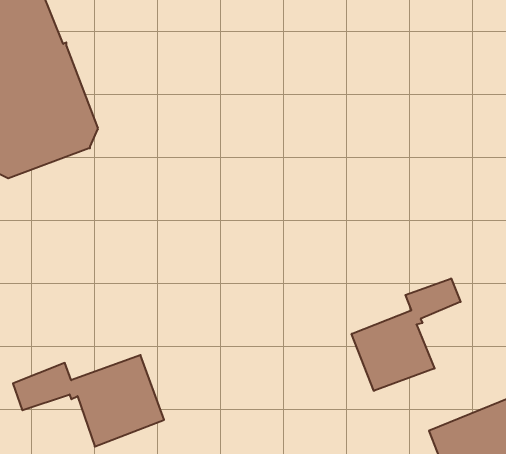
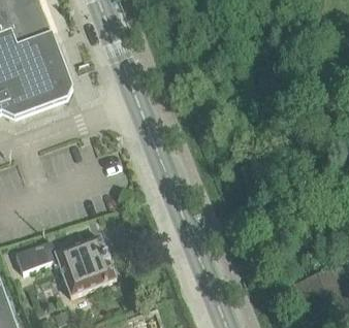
building: [352,278,461,391] -> none

